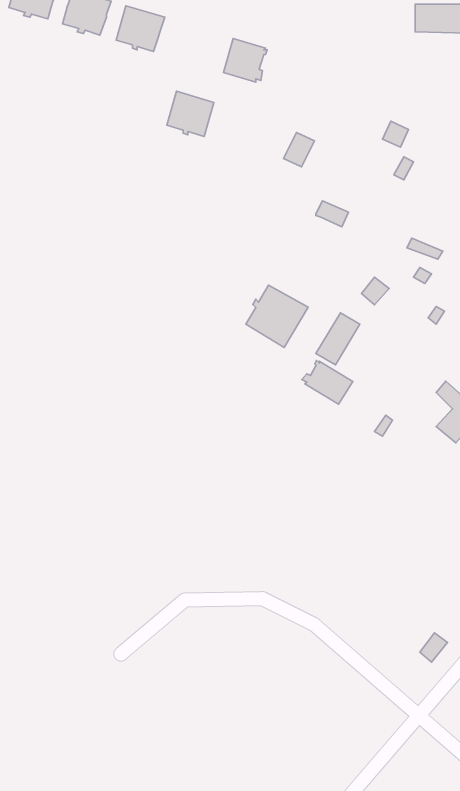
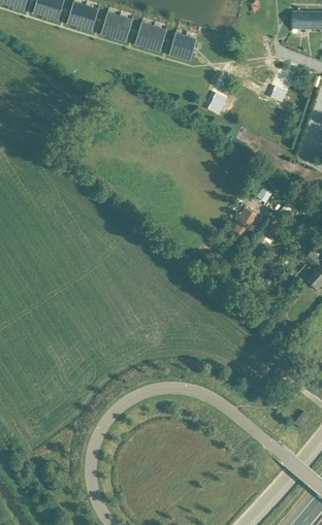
building: [167,91,214,137] -> [135,23,165,52]
building: [246,285,308,347] -> none
building: [302,361,353,404] -> none

